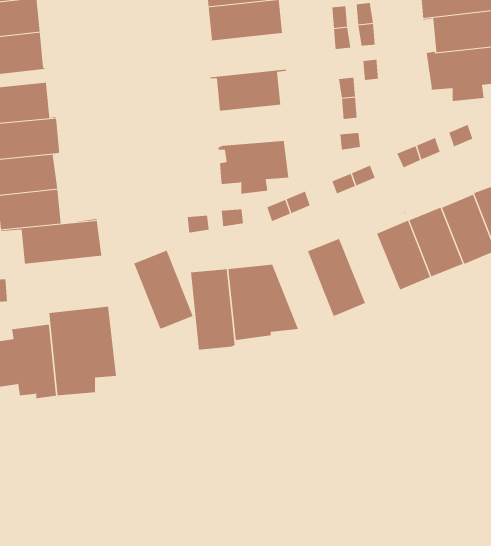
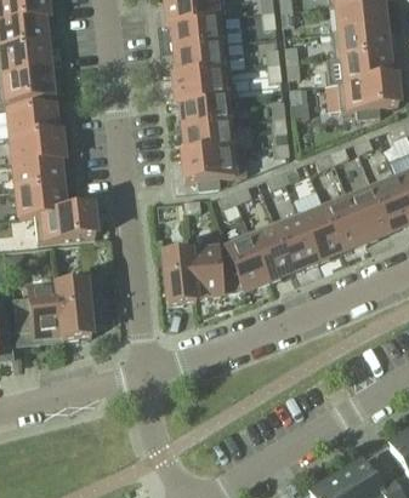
building: none -> [174,68,233,101]
building: none -> [183,121,232,151]
building: none -> [273,210,319,269]
building: [133,250,195,329] -> [223,230,269,290]

